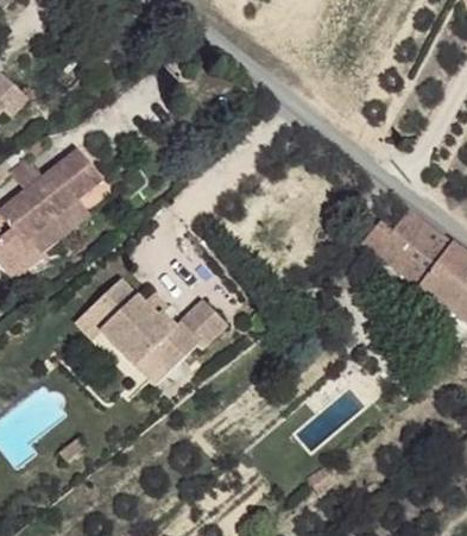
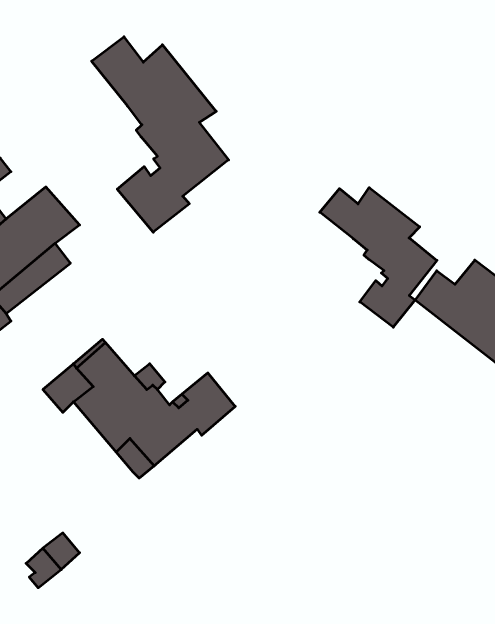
building: none -> [92,37,229,232]
building: none -> [320,188,437,327]

